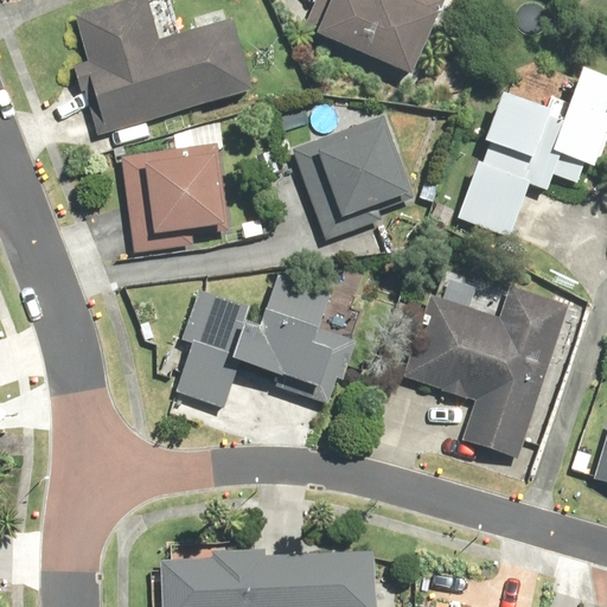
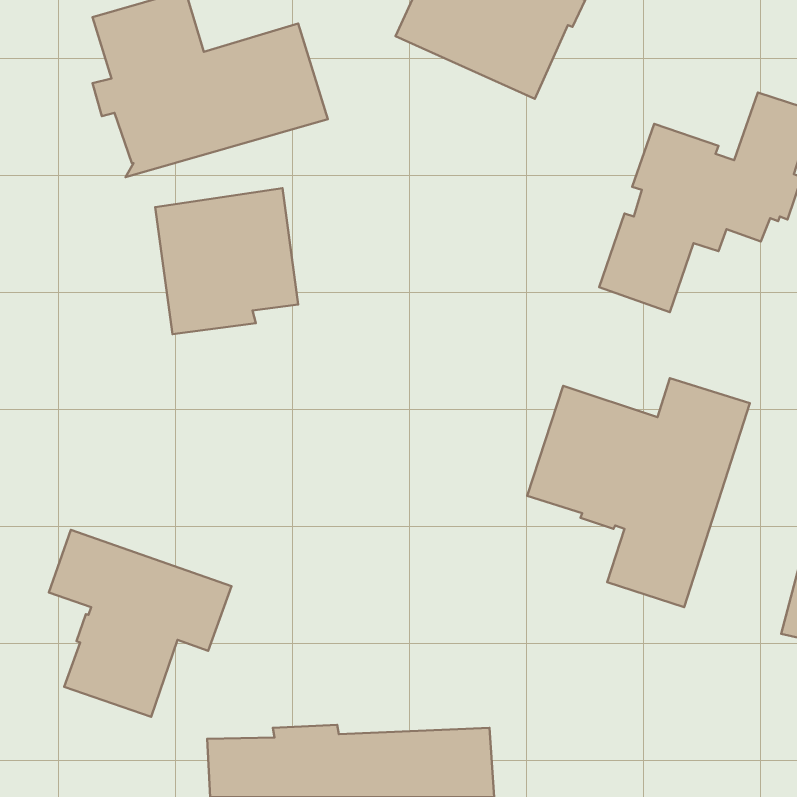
building: [294,115,414,239] -> none
building: [175,274,356,407] -> none
building: none -> [49,530,231,717]

